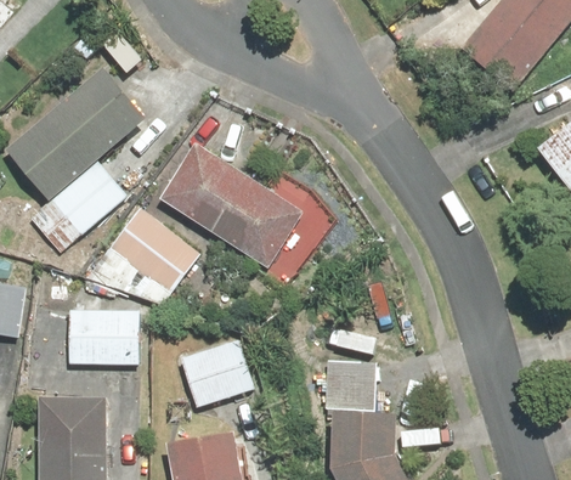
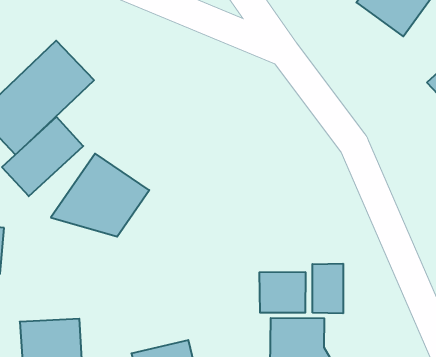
building: [163,146,305,267] -> none
building: [64,307,141,363] -> none
building: [179,335,258,408] -> none
building: none -> [312,264,343,313]

